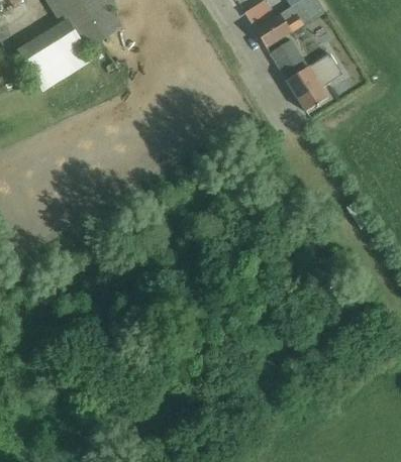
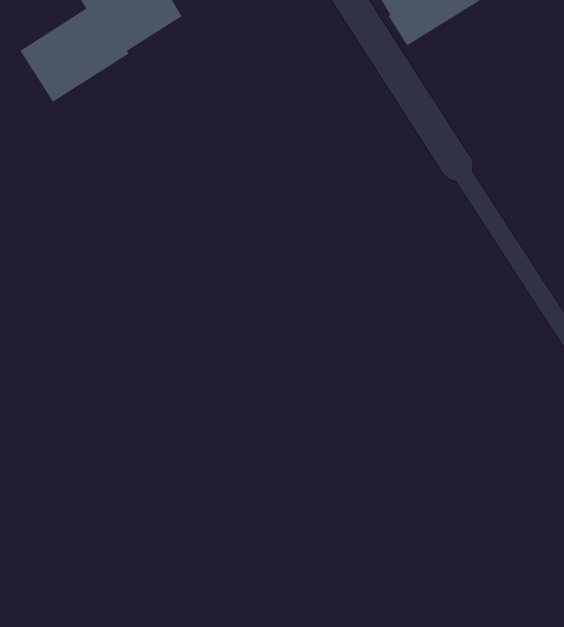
building: [271,39,341,110] -> none

